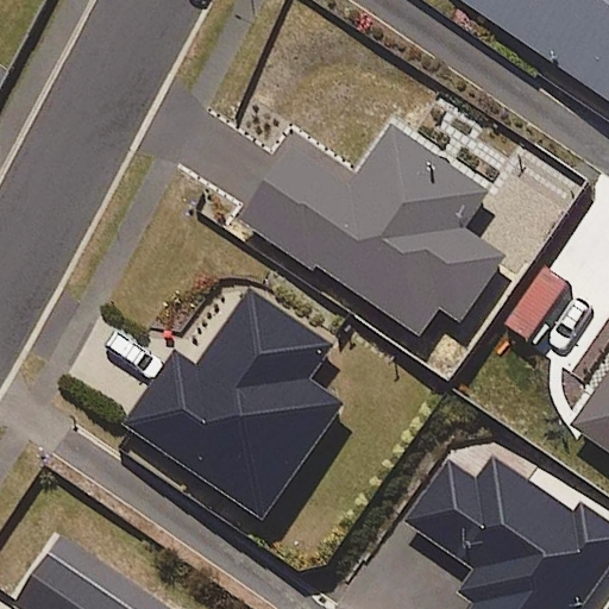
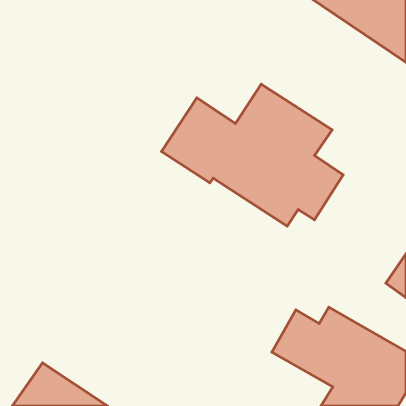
building: [125,289,345,520] -> none

